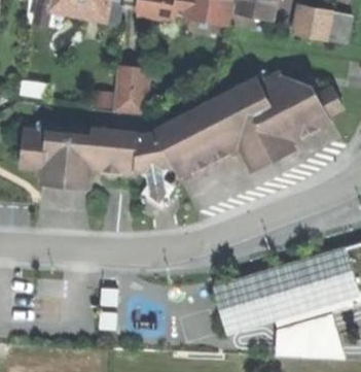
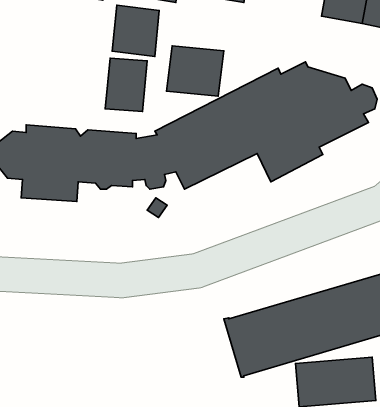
building: none -> [112,5,159,56]
building: none -> [166,46,224,96]

